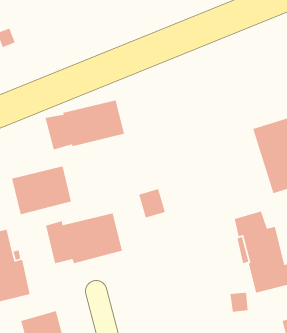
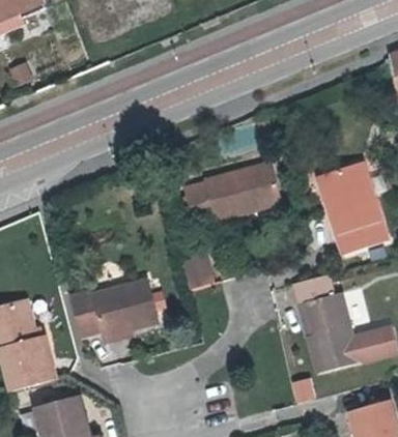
building: [45,99,125,150] -> [183,162,280,223]
building: [11,166,72,215] -> none

